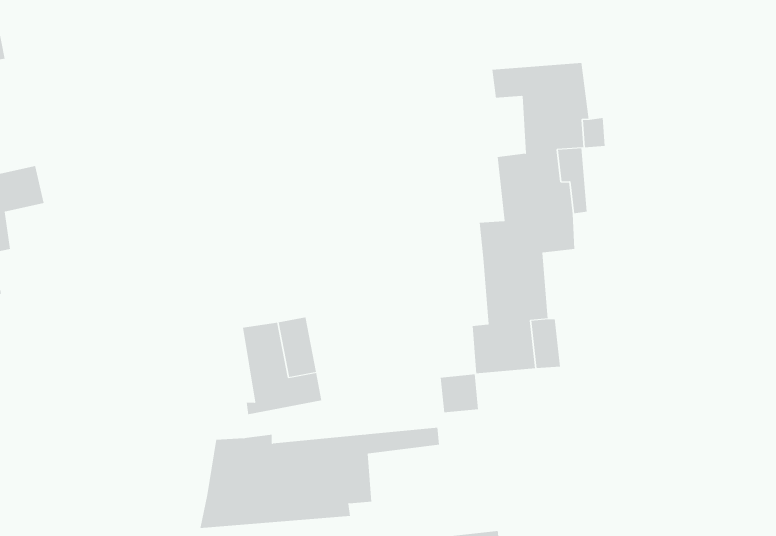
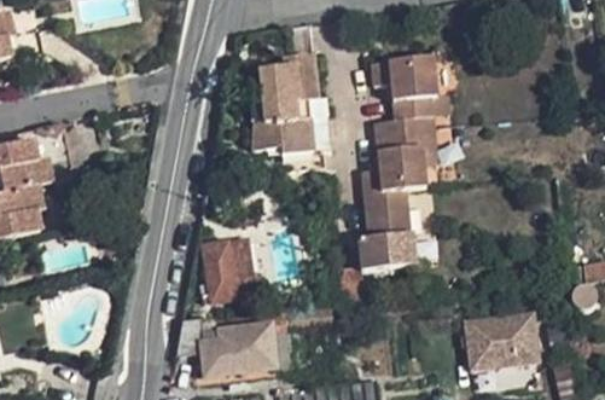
building: none -> [249,68,331,168]
building: none -> [469,313,541,366]

